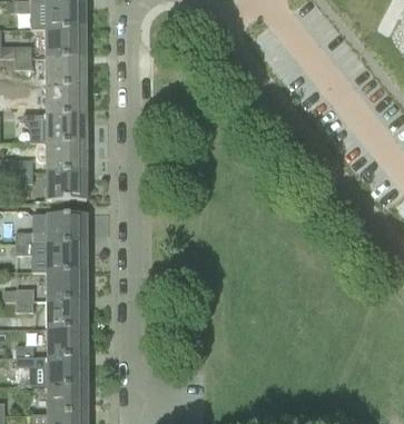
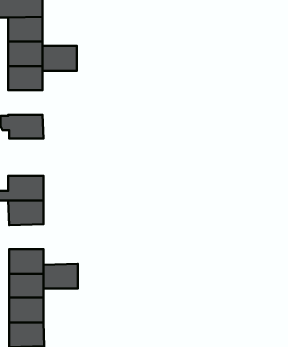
building: [46,112,86,141] -> [42,46,77,71]
building: [47,169,87,199] -> none
building: [47,269,87,298] -> [43,264,78,289]

